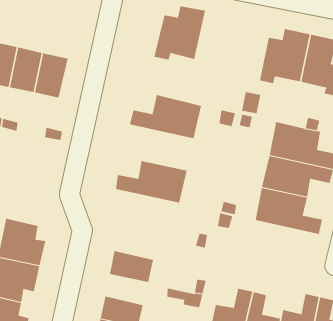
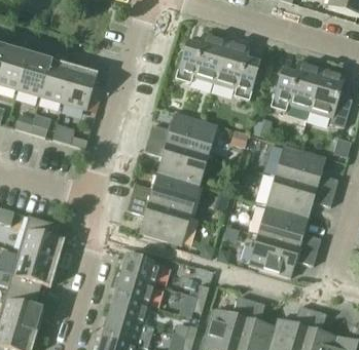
building: none -> [213,39,259,100]
building: none -> [144,139,207,185]
building: none -> [127,197,189,245]
building: none -> [248,235,316,278]
building: none -> [114,275,155,306]

